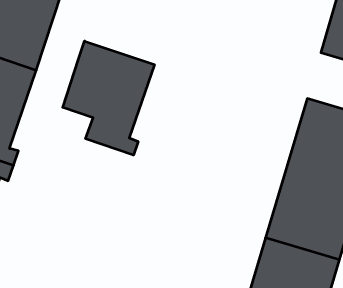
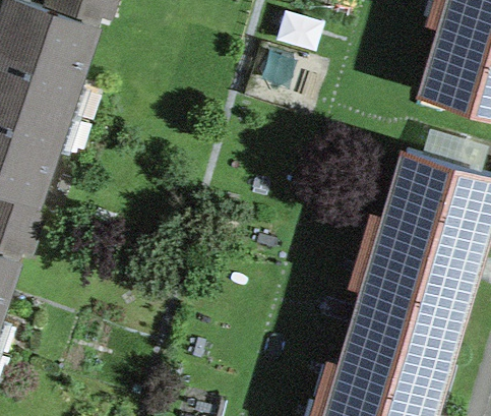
building: [63,41,154,155] -> none

